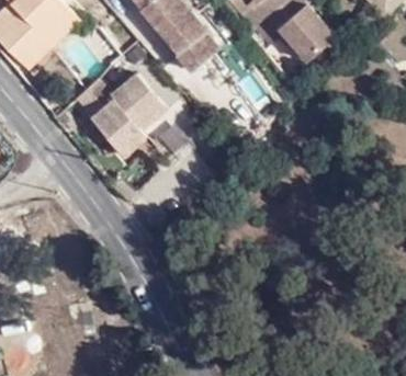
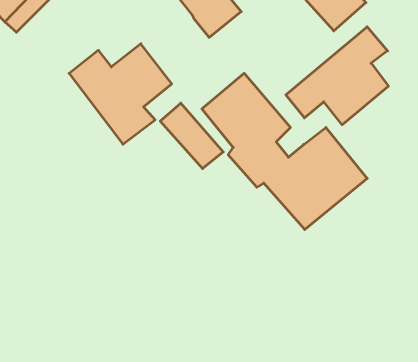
building: none -> [286,27,388,125]
building: none -> [202,73,367,230]

